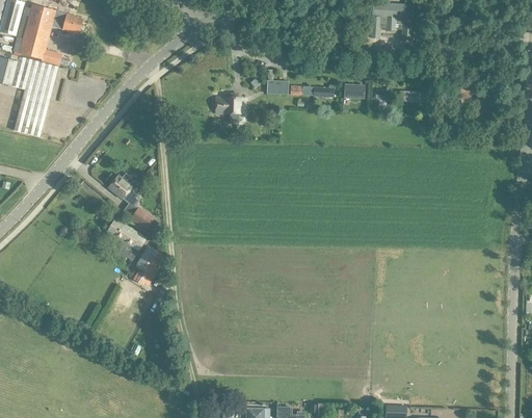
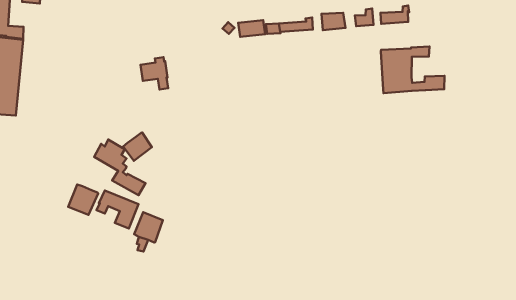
building: [215,94,239,124] -> [141,57,168,89]
building: none -> [381,47,445,93]
building: none -> [123,133,152,161]
building: none -> [68,185,98,215]

